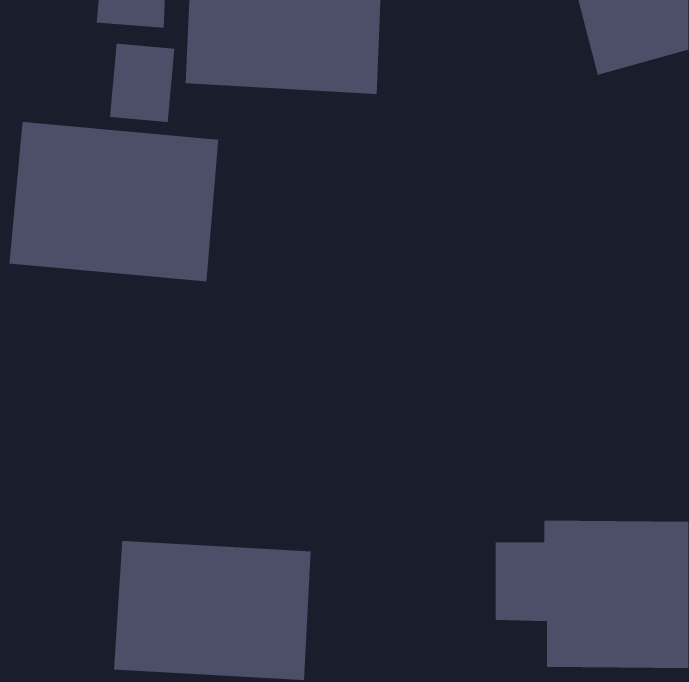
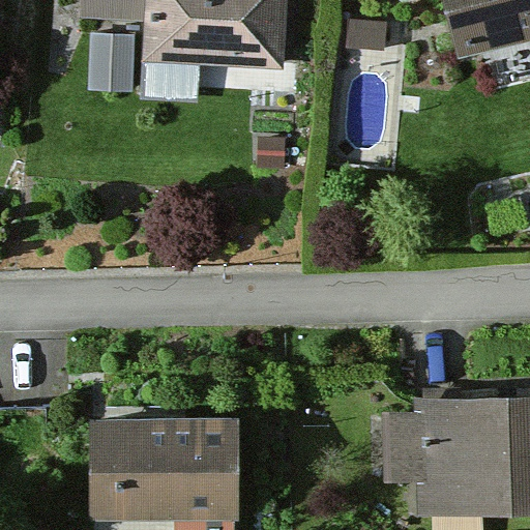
building: [9,121,219,282] -> none

